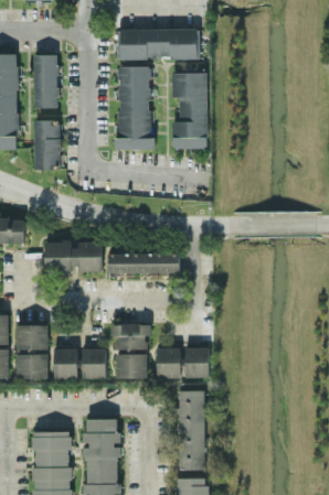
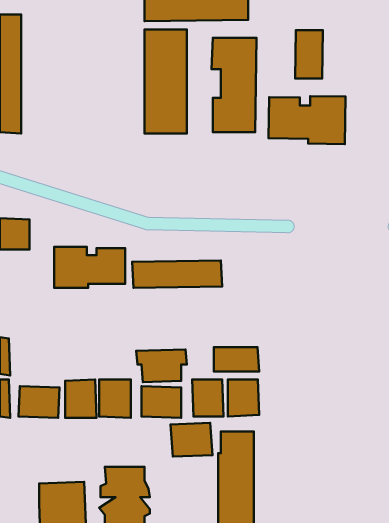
building: [32,55,59,108] -> none
building: none -> [295,30,323,79]
building: none -> [269,96,345,144]
building: [33,120,61,170] -> none
building: none -> [214,347,259,372]
building: [15,325,49,351] -> none
building: none -> [171,423,212,456]

